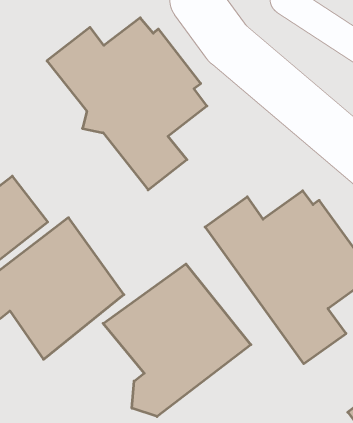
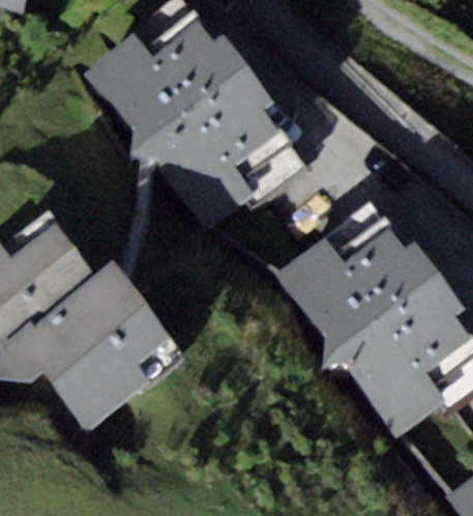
building: [103,264,251,417] -> none

